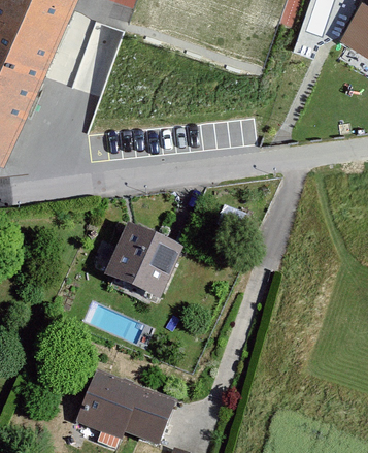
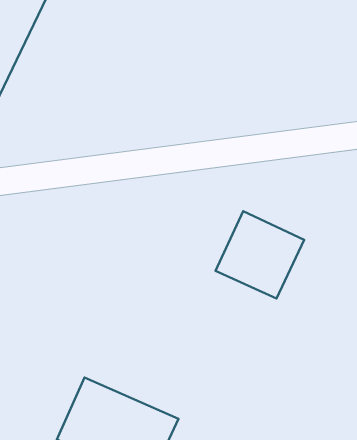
building: [106,227,186,305] -> [216,211,304,298]

